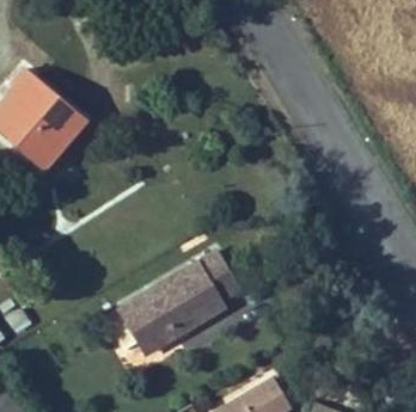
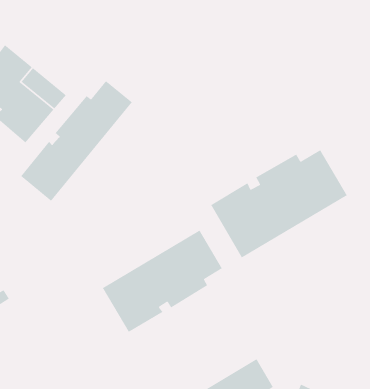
building: none -> [20,80,133,202]
building: none -> [210,149,348,259]

